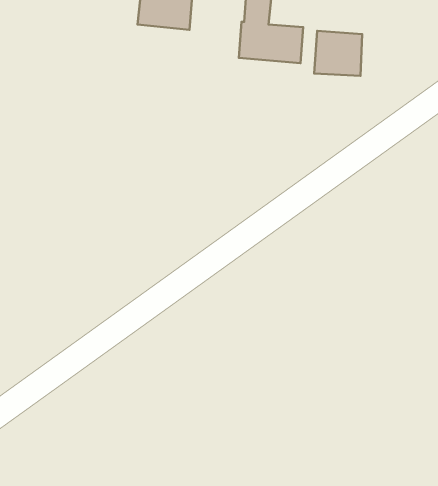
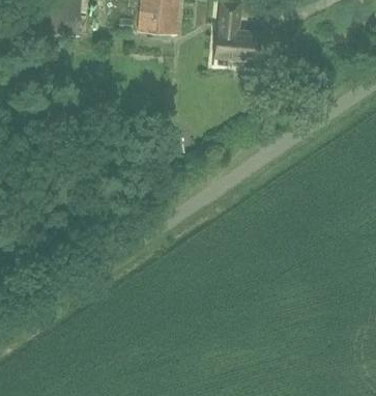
building: [314,31,362,76] -> none

